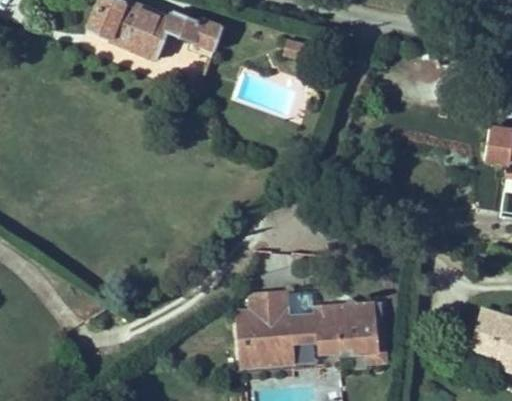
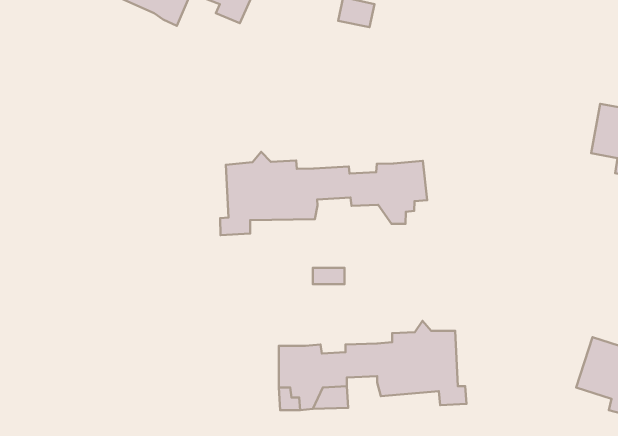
building: none -> [220,152,427,235]
building: [256,288,290,322] -> none

